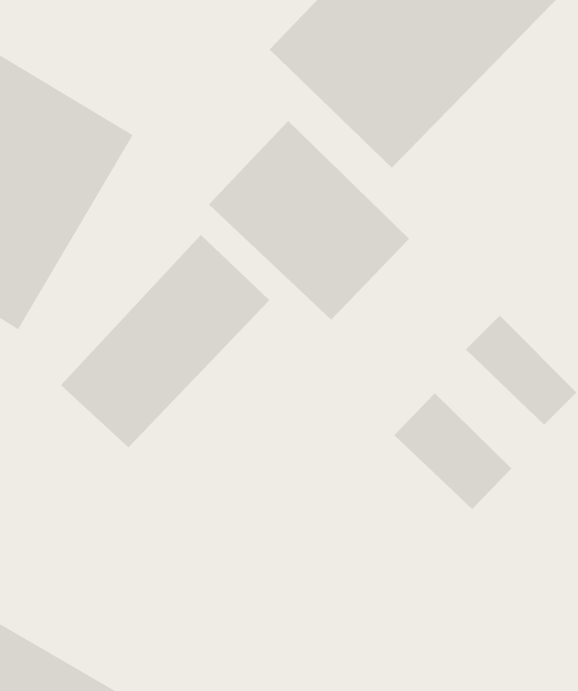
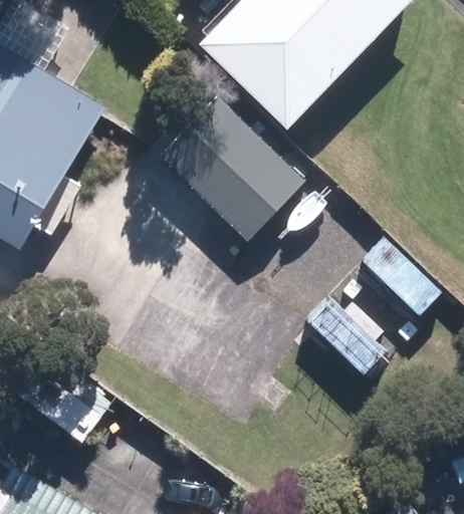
building: [60,234,270,448] -> none

